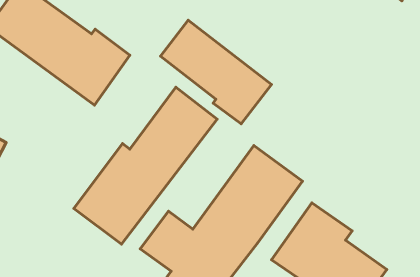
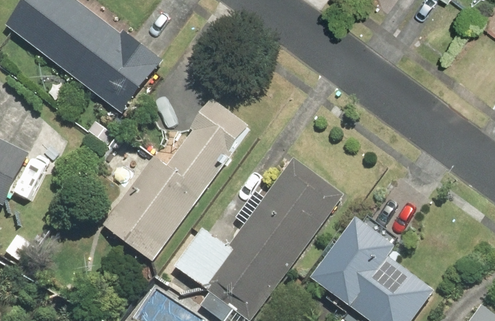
building: [161,20,272,124] -> none

